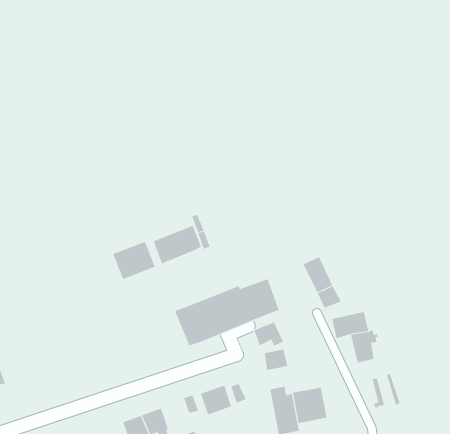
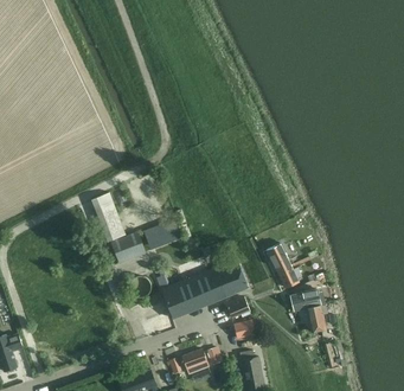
building: none -> [91,192,124,242]
building: [292,387,327,424] -> none

